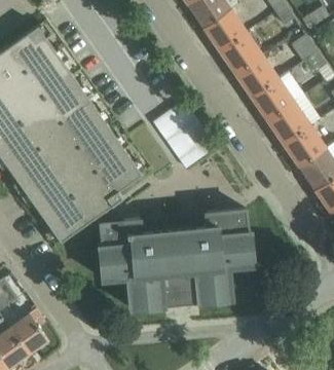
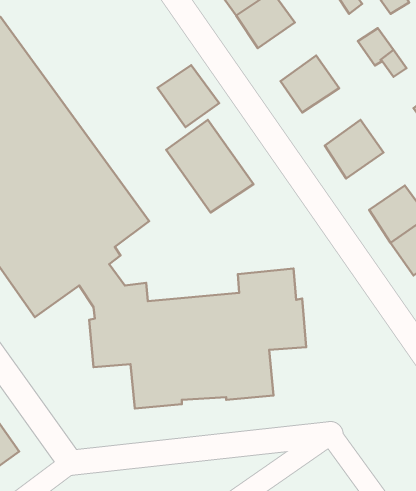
building: [220,32,262,74] -> none
building: none -> [158,65,219,127]
building: [252,79,294,120] -> none
building: [284,125,326,166] -> none

